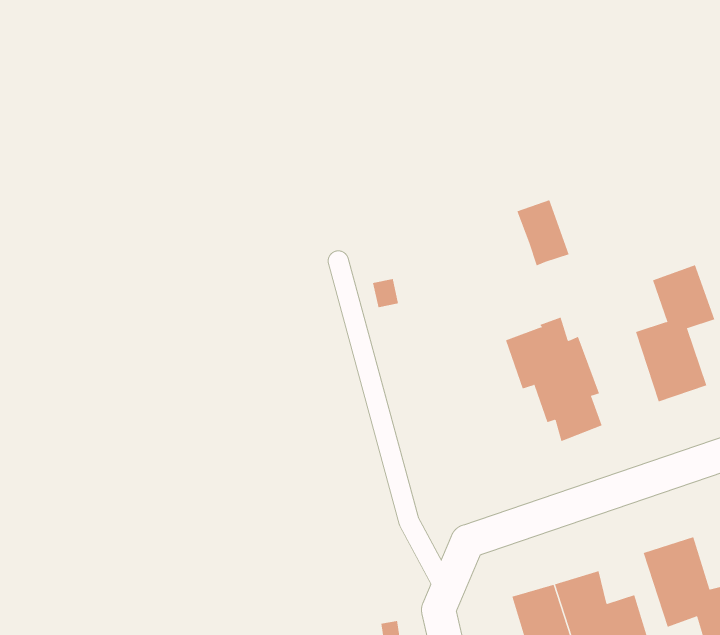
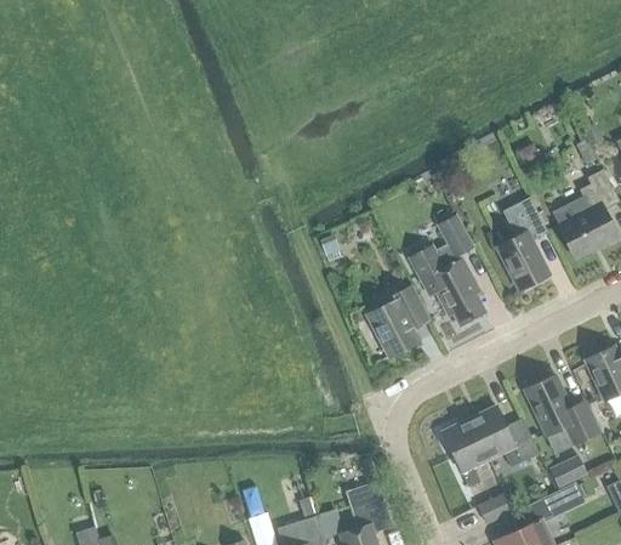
building: [516,199,569,266] -> [435,215,474,260]
building: none -> [366,286,427,358]

